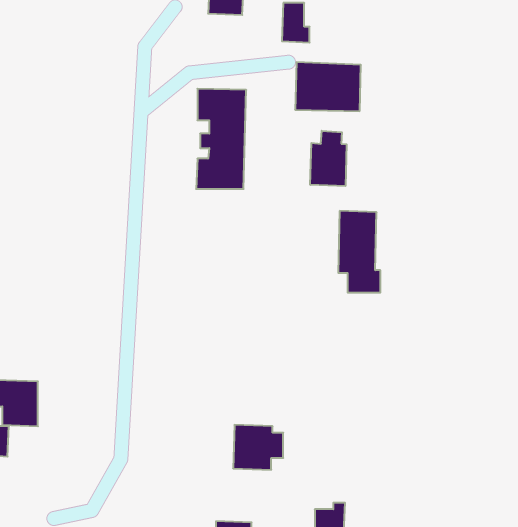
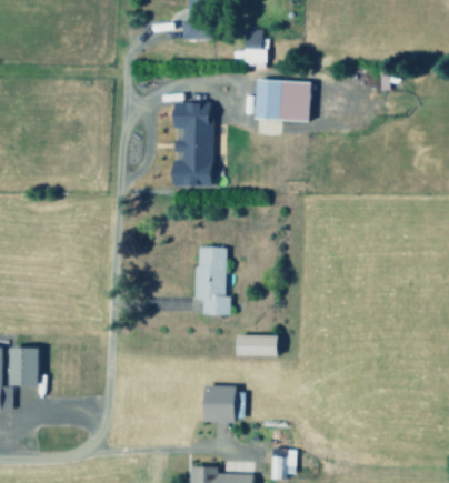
building: [310,131,347,186] -> none
building: [338,211,380,293] -> [194,245,230,314]
building: none -> [236,334,277,355]

